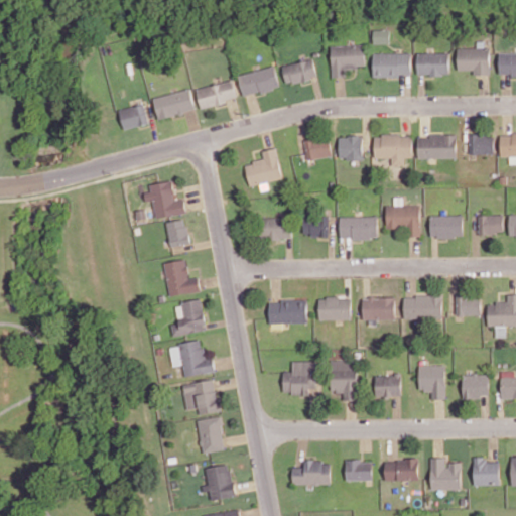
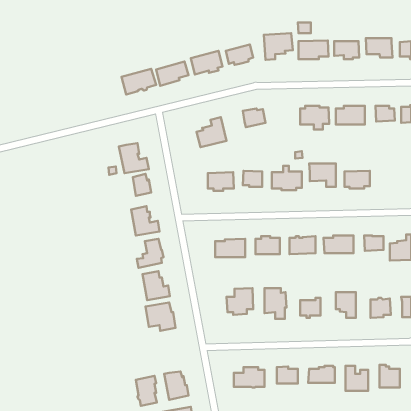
building: [119,105,147,129] -> none
building: [338,136,361,160] -> none
building: [477,216,502,235] -> none
building: [197,416,223,454] -> [136,376,157,406]

